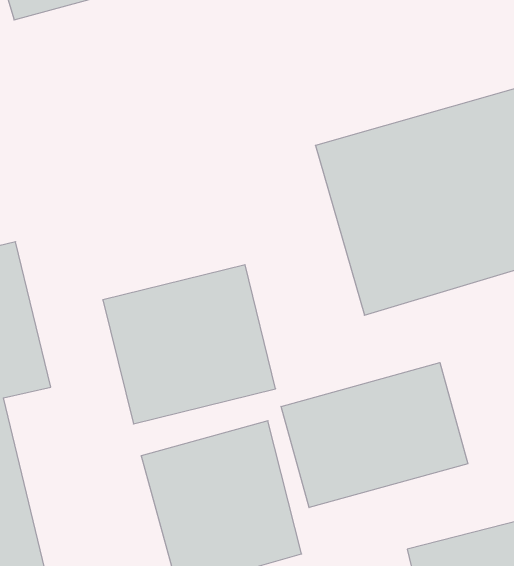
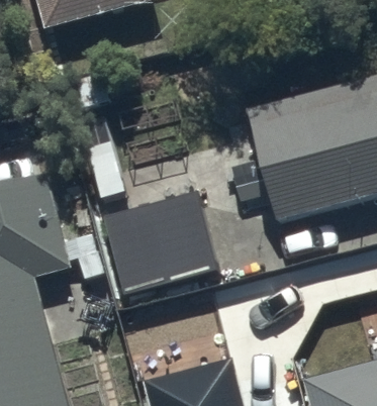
building: [281,363,468,508] -> none

